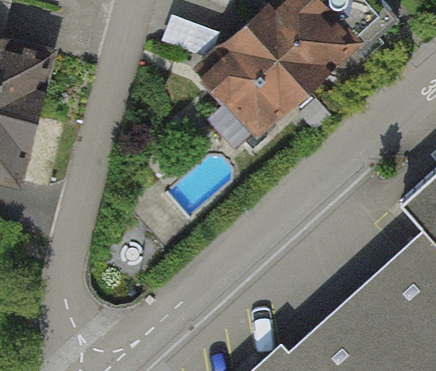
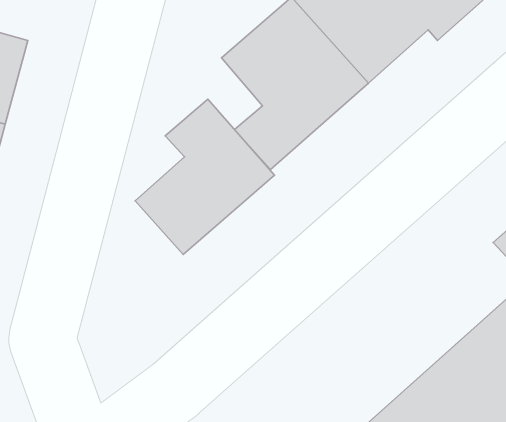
building: none -> [135,99,275,255]

